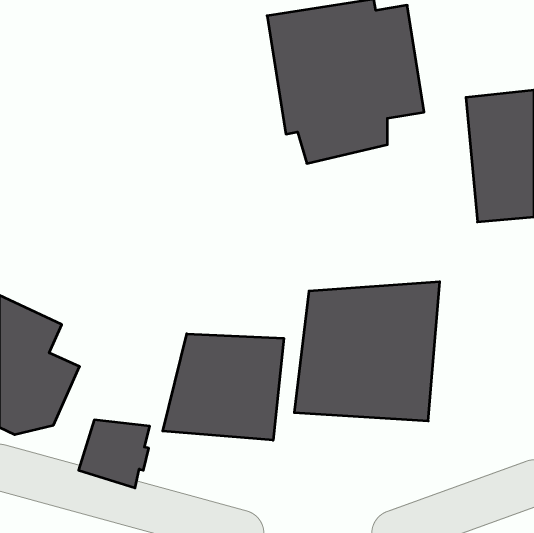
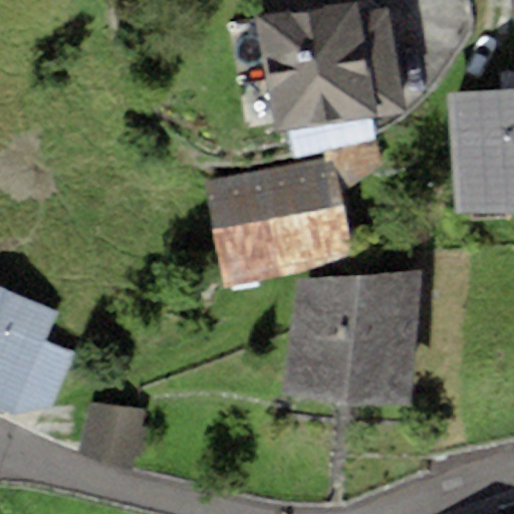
building: none -> [205,142,383,283]
building: [163,334,284,440] -> none

